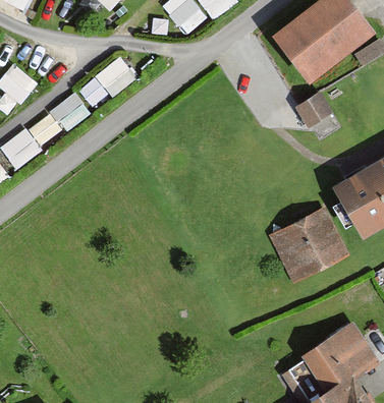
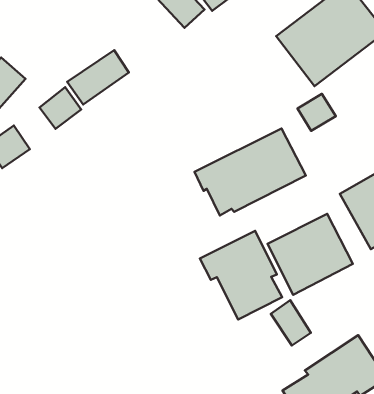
building: none -> [195,129,306,216]
building: none -> [200,231,282,320]
building: none -> [271,300,311,346]

